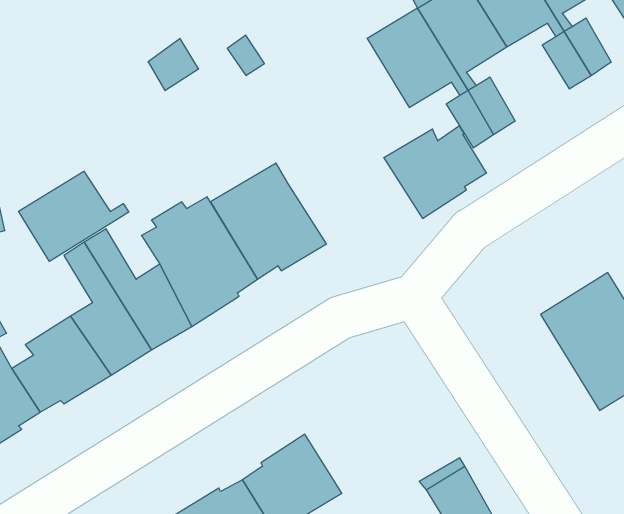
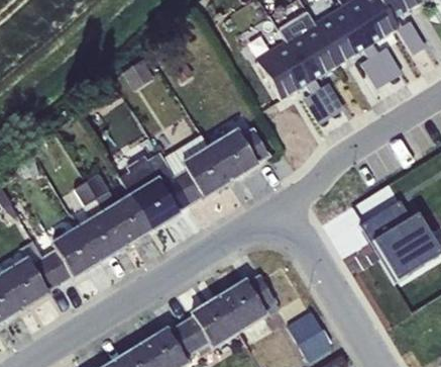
building: [384,126,487,218] -> [207,126,268,182]
building: [19,171,129,261] -> none
building: none -> [217,274,279,332]

